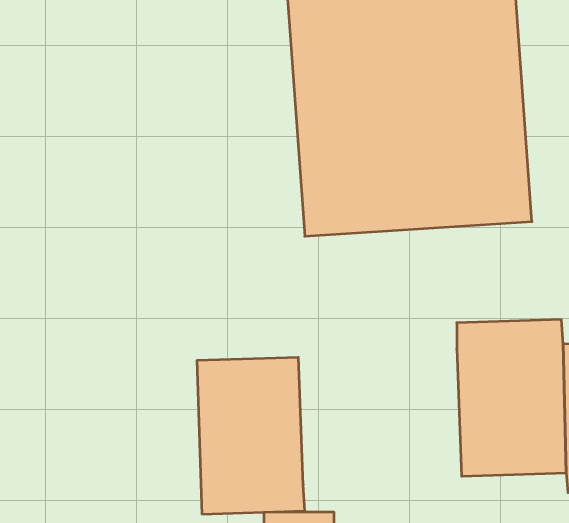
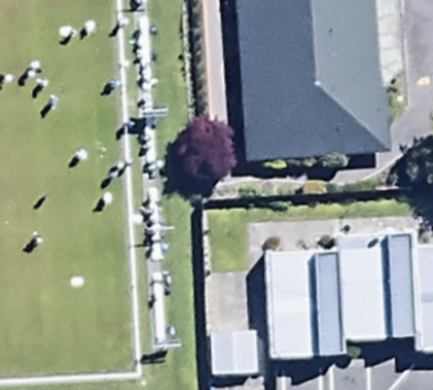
building: [197,357,305,514] -> [279,249,352,355]

